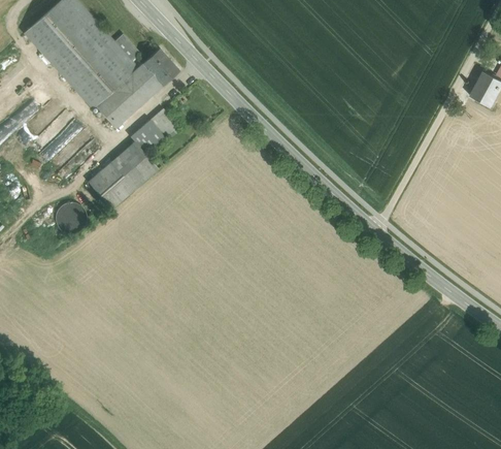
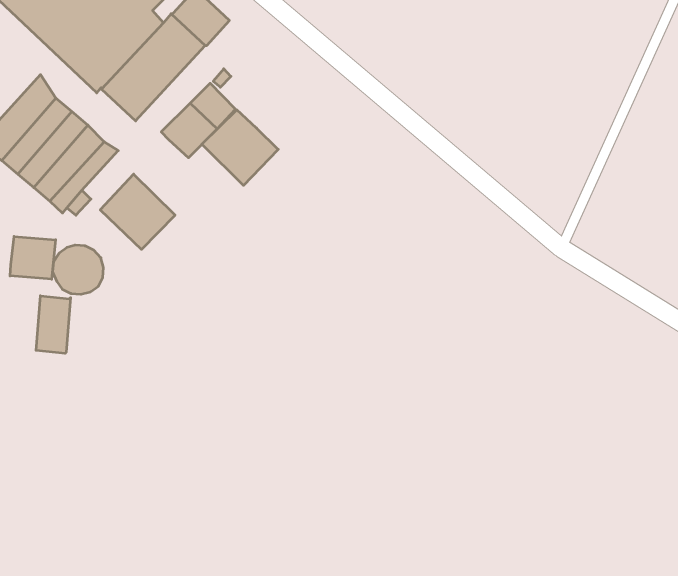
building: [110,141,158,189] -> [202,110,278,185]
building: none -> [10,236,56,279]
building: none -> [36,296,71,353]

